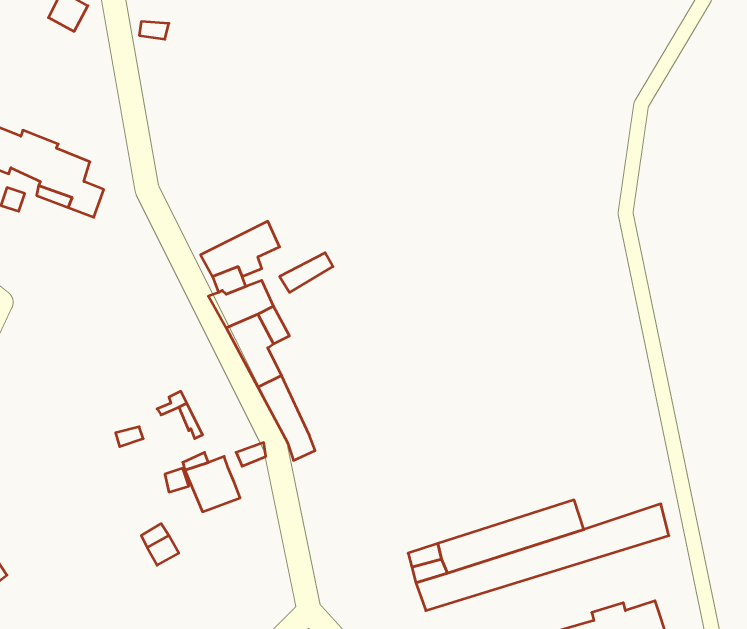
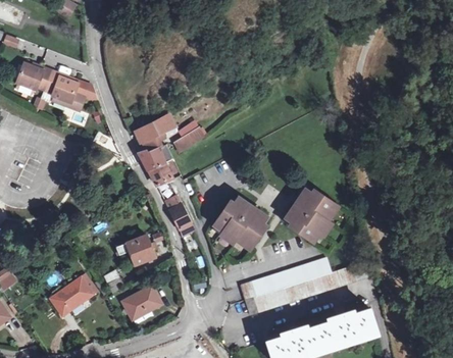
building: none -> [287,191,337,242]
building: none -> [217,197,268,247]
building: none -> [48,275,92,314]
building: none -> [122,285,162,319]

